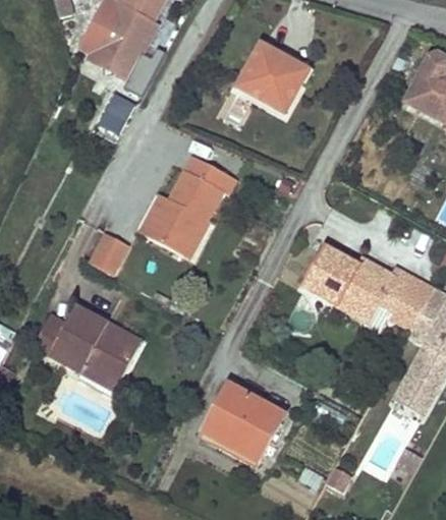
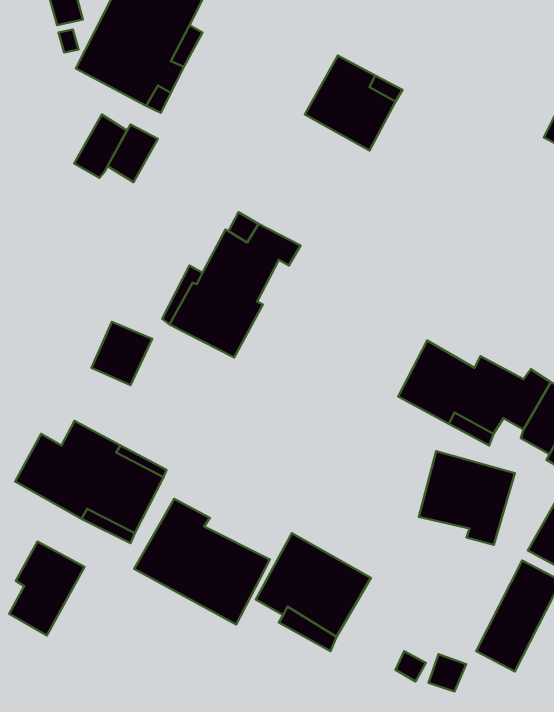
building: none -> [74,114,127,178]
building: none -> [419,451,515,545]
building: none -> [134,499,270,624]
building: none -> [9,542,84,636]

